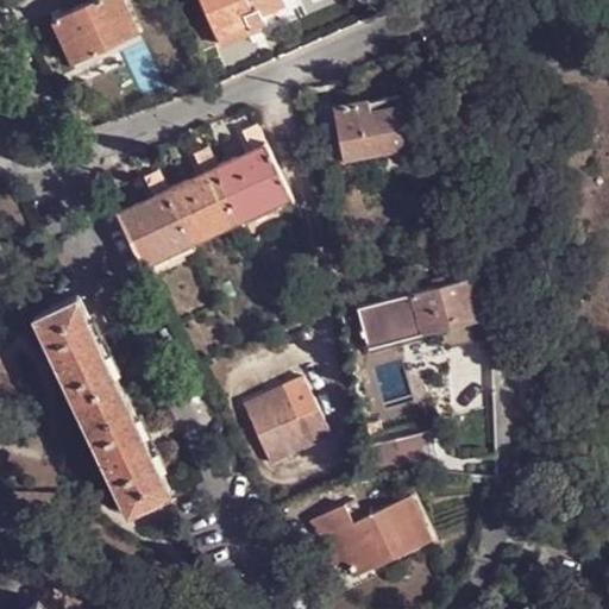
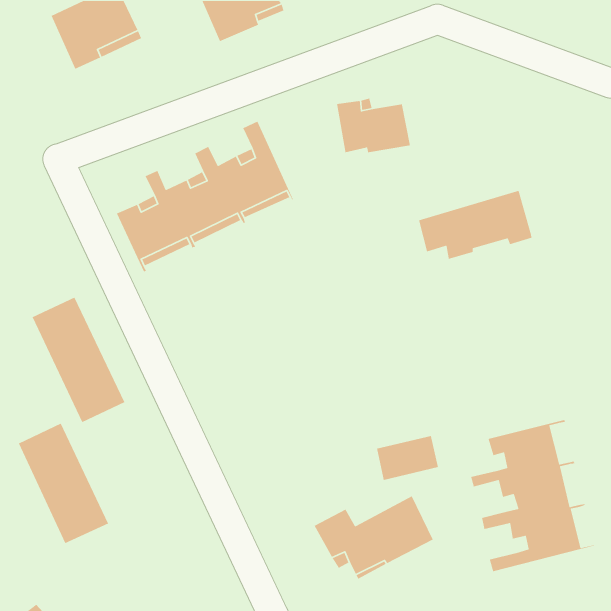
building: [366,274,479,343] -> [418,190,533,260]
building: [241,379,329,467] -> none
building: [81,402,171,522] -> [18,423,109,544]
building: none -> [470,419,596,572]

